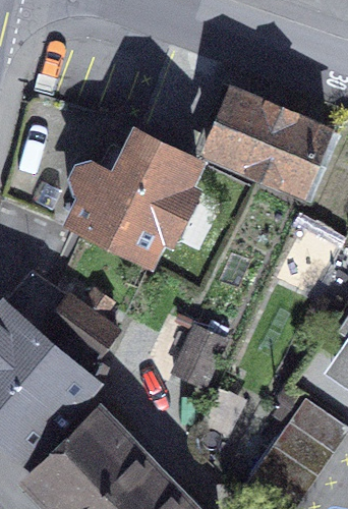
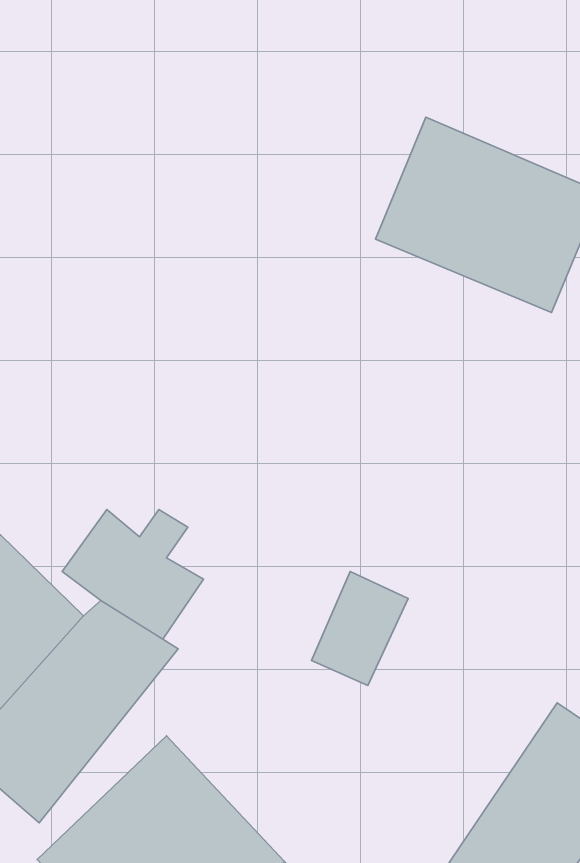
building: [73,132,197,259] -> none

